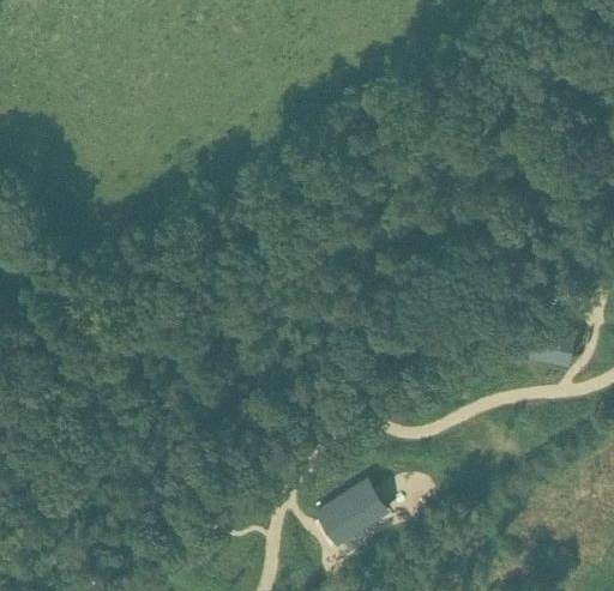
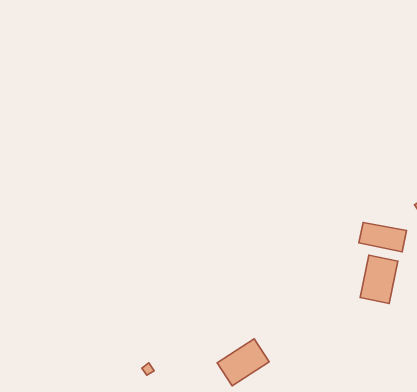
building: none -> [360,255,398,303]

